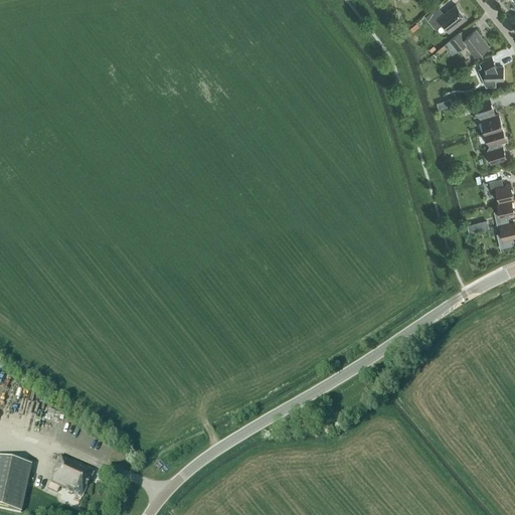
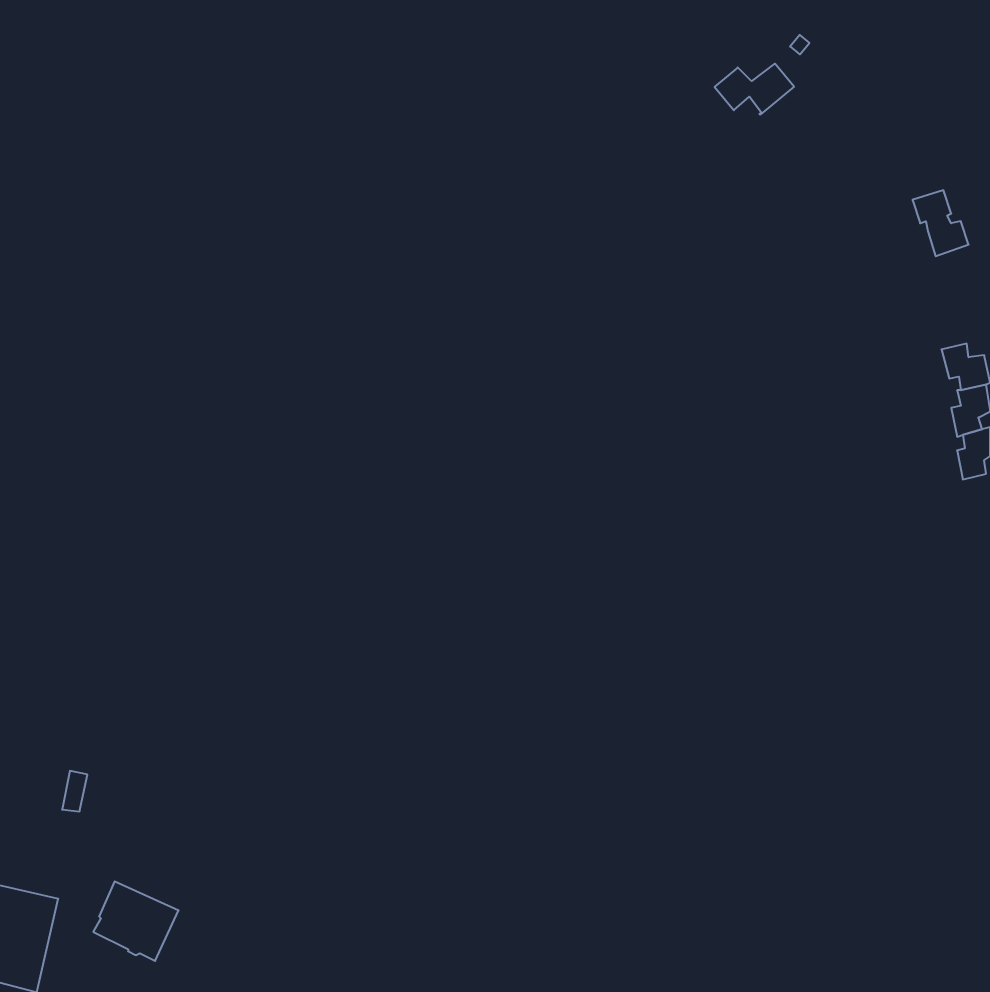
building: [424,5,466,31] -> [715,64,794,114]
building: [449,30,488,56] -> none
building: [477,56,503,87] -> none
building: [485,127,506,163] -> none

